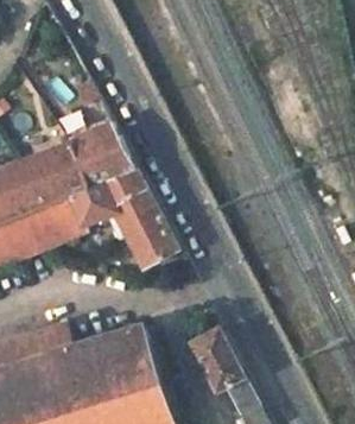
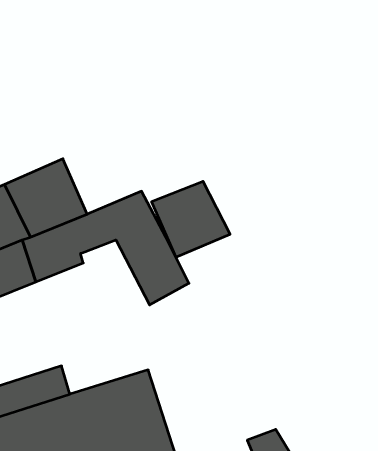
building: [65,124,134,190] -> [152,181,230,257]
building: [195,323,255,391] -> none

